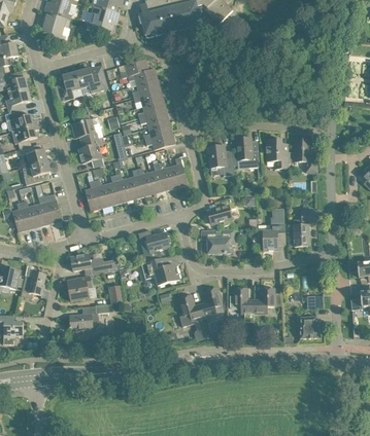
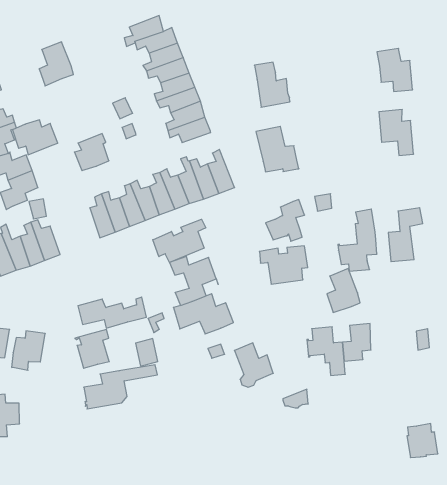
building: [75,65,107,93] -> none
building: [71,119,102,143] -> [13,120,58,155]
building: [236,138,259,169] -> [254,62,290,107]
building: [265,139,288,169] -> [377,48,413,91]
building: none -> [153,219,206,262]
building: [200,287,223,317] -> [327,269,360,312]
building: [299,316,319,338] -> [407,424,438,458]

